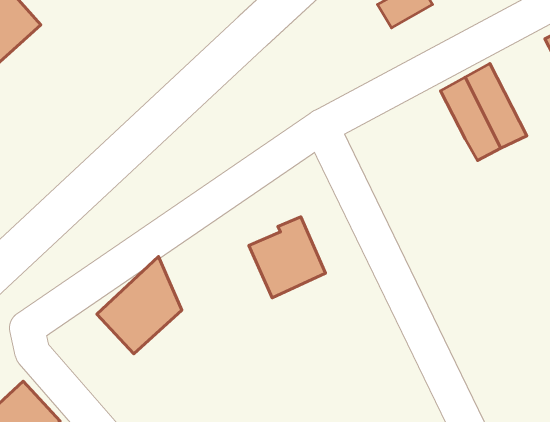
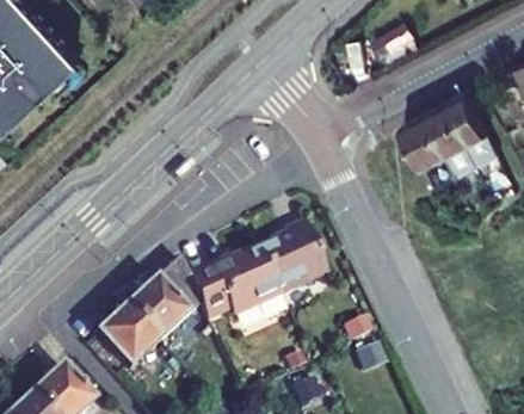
building: none -> [401,115,444,167]
building: none -> [184,249,276,321]
building: none -> [93,309,155,371]

